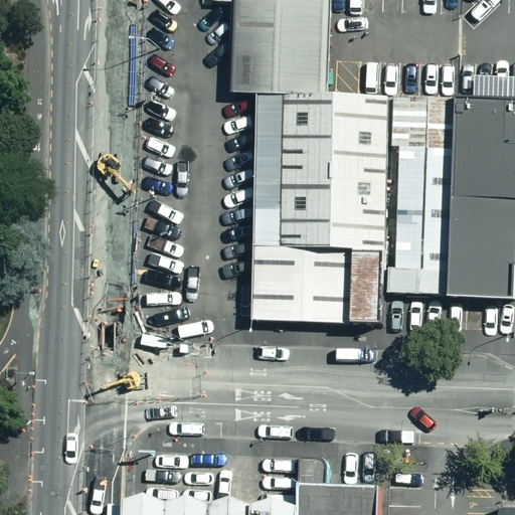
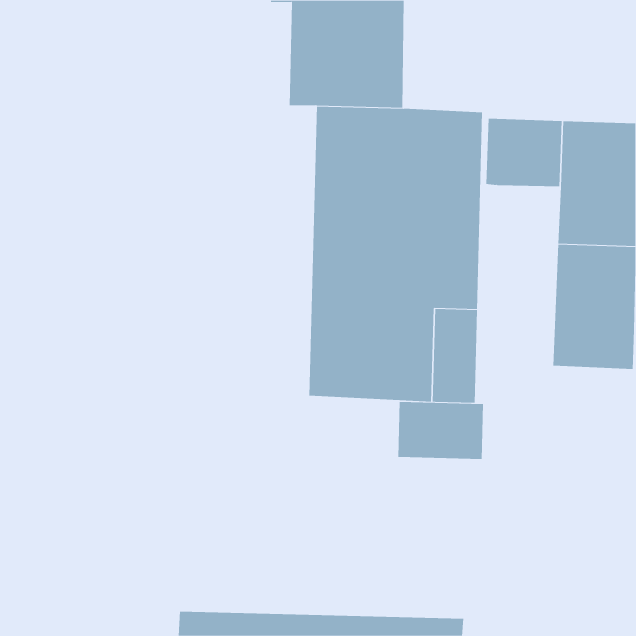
building: [389,150,453,296] -> none
building: none -> [398,401,483,460]

